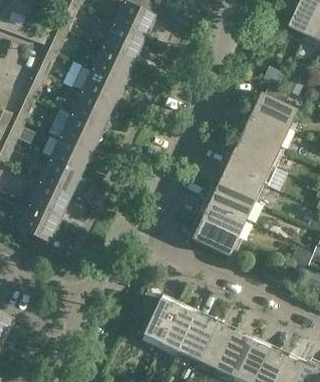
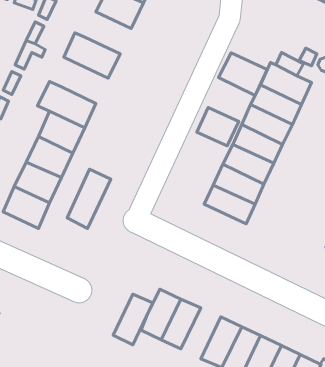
building: [91,45,133,83] -> none
building: none -> [219,53,267,95]
building: [70,90,112,128] -> none
building: none -> [197,107,239,146]
building: none -> [67,169,111,229]
building: [191,220,238,256] -> none
building: [179,314,215,360] -> [113,294,153,345]

